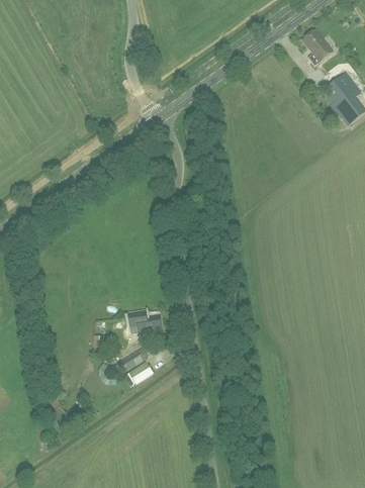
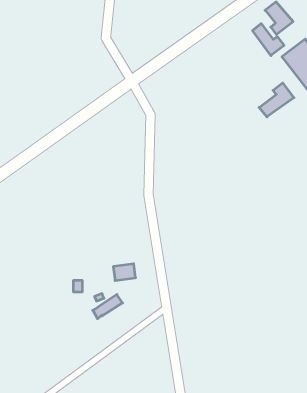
building: none -> [253,24,284,56]
building: none -> [259,83,294,117]

